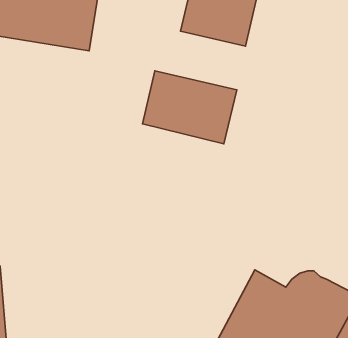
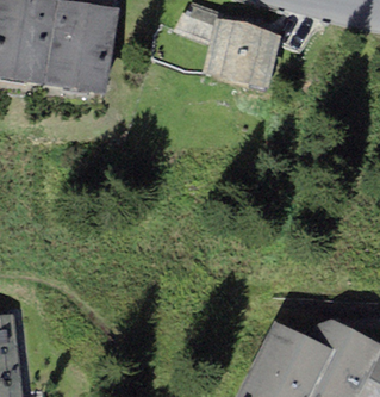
building: [142,71,237,144] -> none

